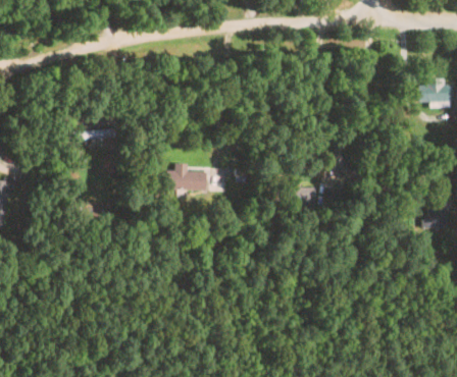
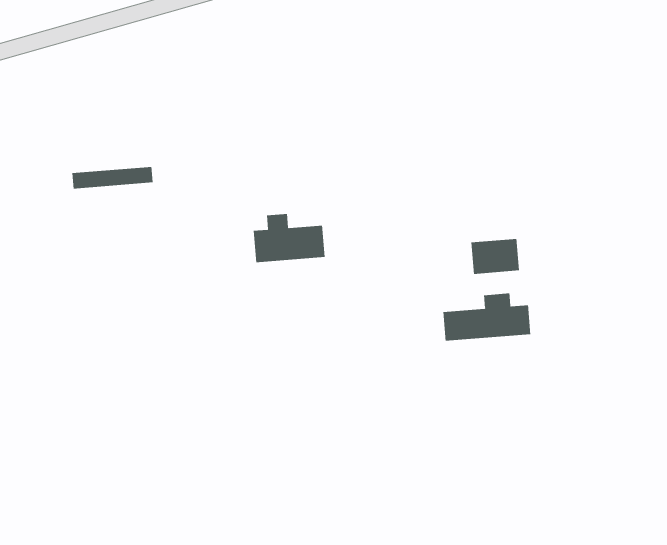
building: none -> [443,293,531,342]

